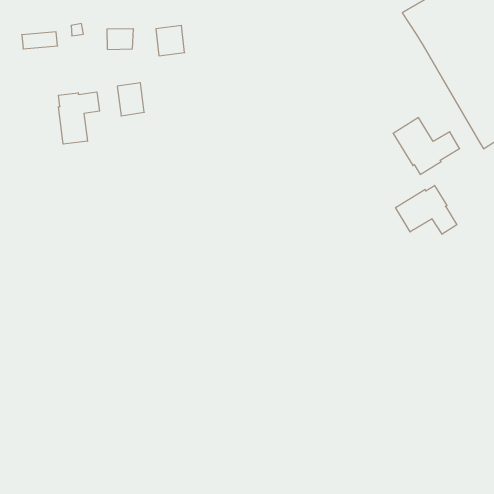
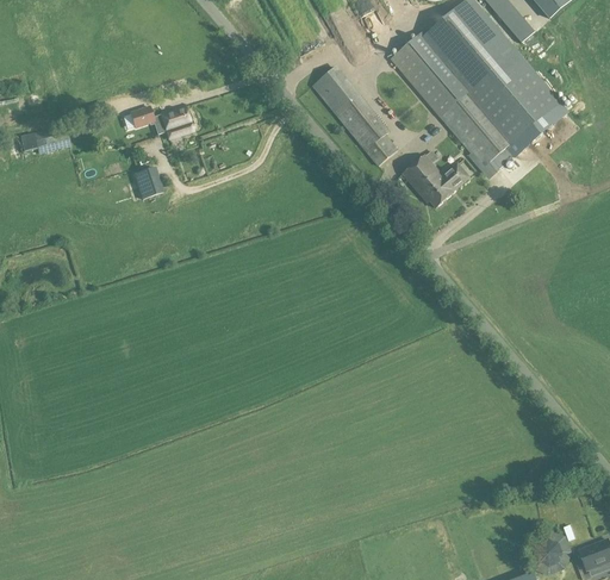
building: none -> [310,66,396,166]
building: [58,92,100,144] -> none
building: [396,185,457,234] -> none

